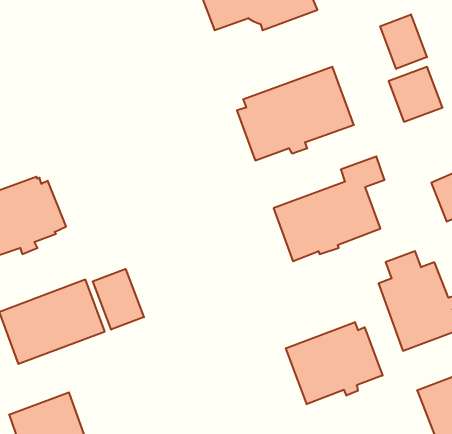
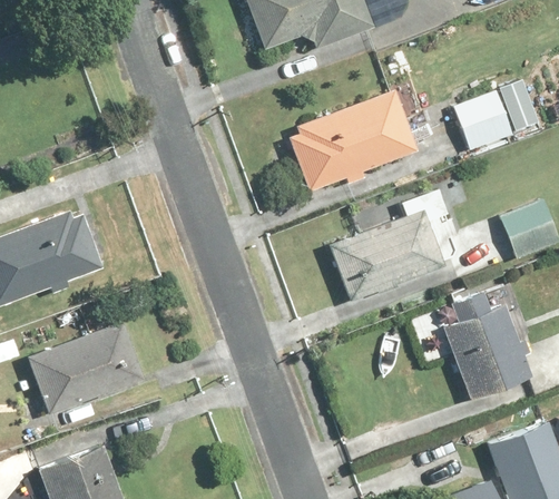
building: [380,14,427,69] -> none
building: [93,269,144,330] -> none
building: [286,322,383,404] -> none

